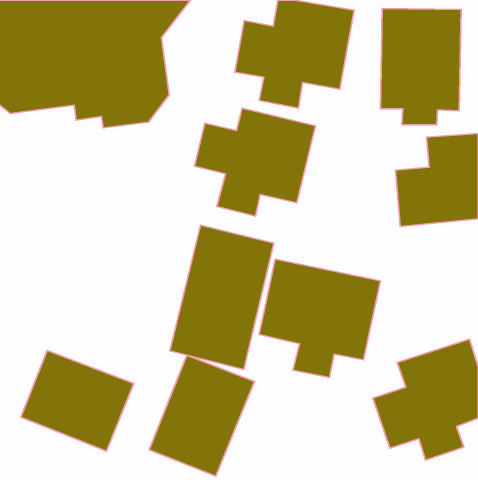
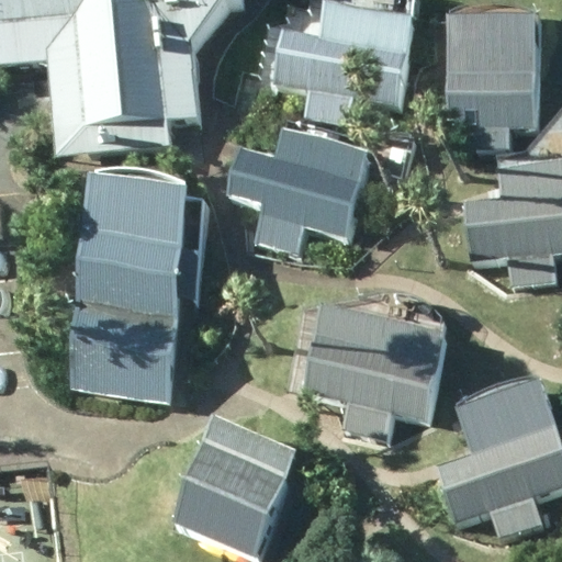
building: none -> [77,193,209,396]
building: [170,225,274,369] -> none
building: [21,350,134,451] -> none

